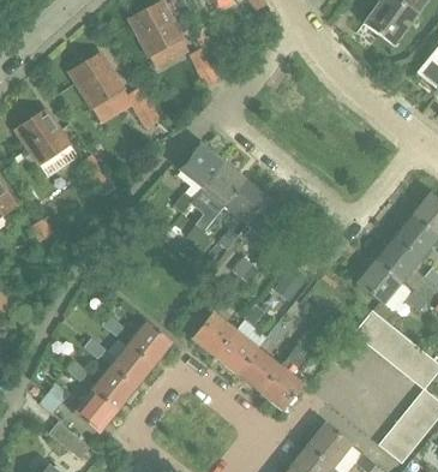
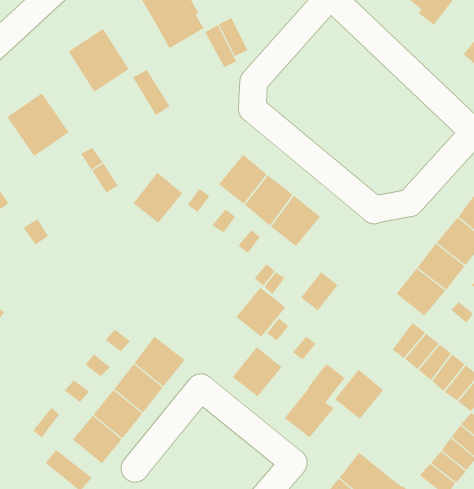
building: [178,142,222,187] -> [133,172,183,224]
building: [190,312,234,357] -> [236,287,286,337]
building: [235,348,280,393] -> [334,369,385,420]

